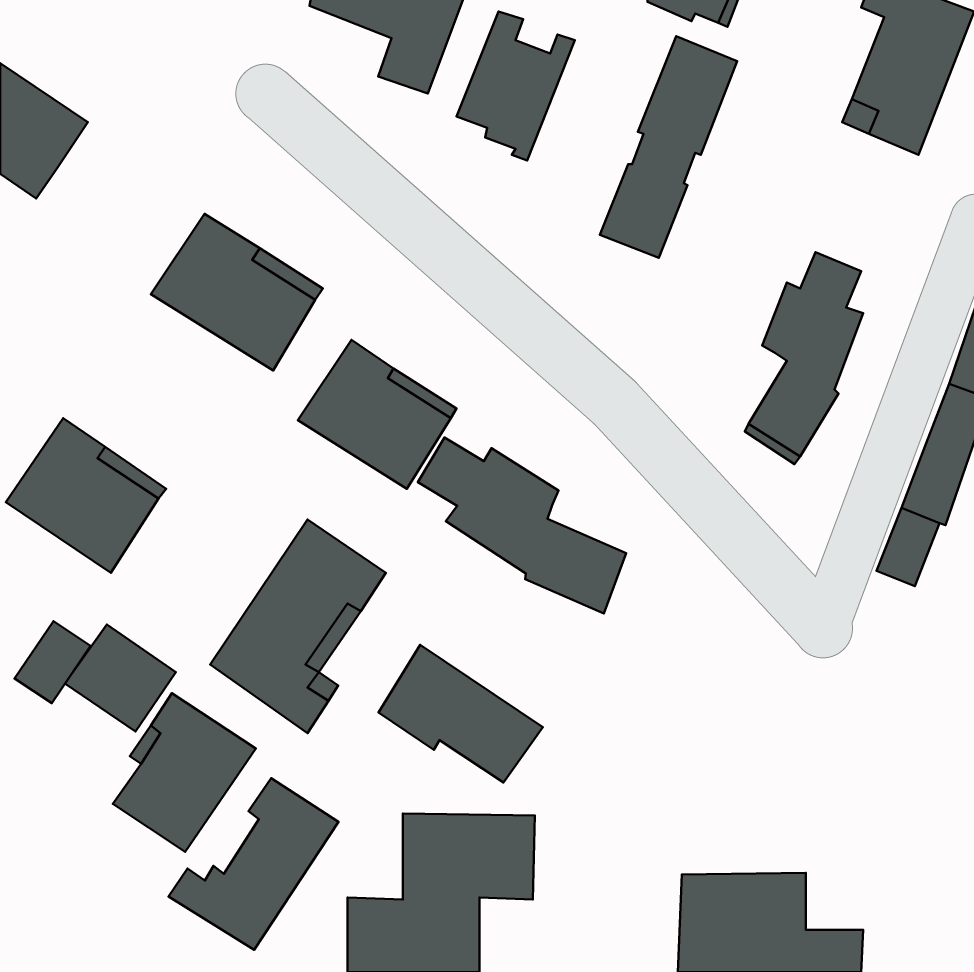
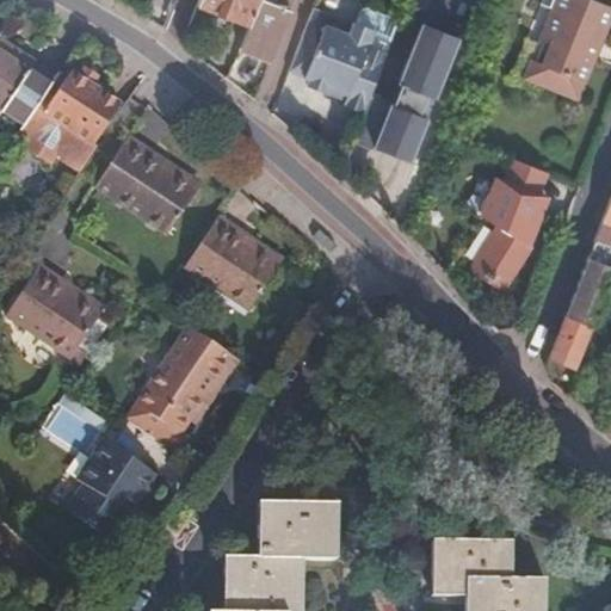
building: none -> [331,25,389,112]
building: none -> [21,69,121,169]
building: [418,438,626,613] -> none
building: [15,621,91,703] -> none
building: [378,645,543,782] -> none
building: [168,778,339,950] -> none

